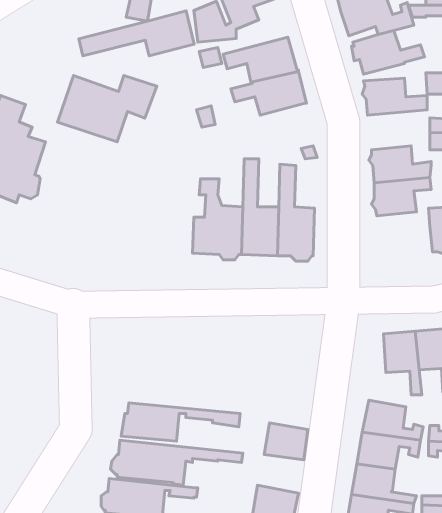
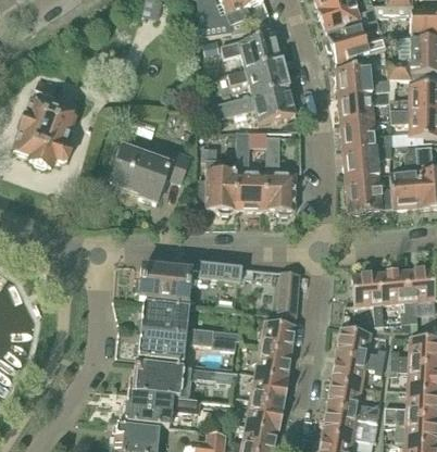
building: [79,11,194,56] -> [201,86,296,123]
building: [57,76,157,142] -> [110,148,191,202]
building: none -> [339,91,390,124]
building: none -> [346,175,394,213]
building: none -> [137,263,253,303]
building: none -> [278,272,300,317]
building: none -> [142,303,240,341]
building: none -> [260,321,296,353]
building: none -> [250,374,288,405]

